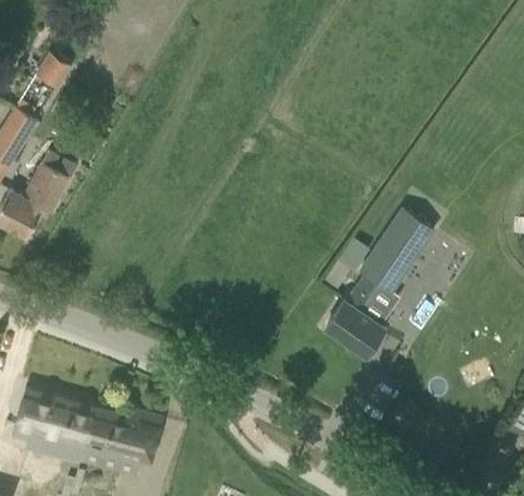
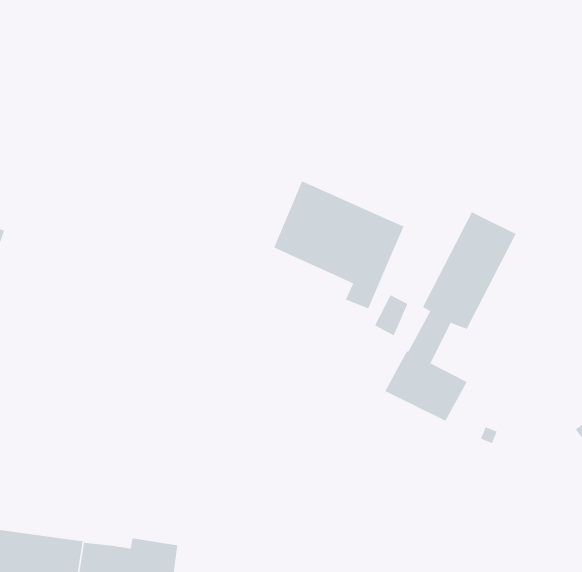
building: none -> [274,180,404,309]

